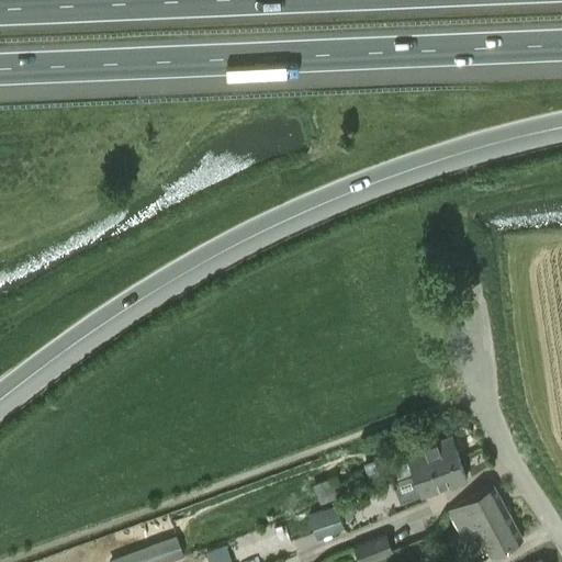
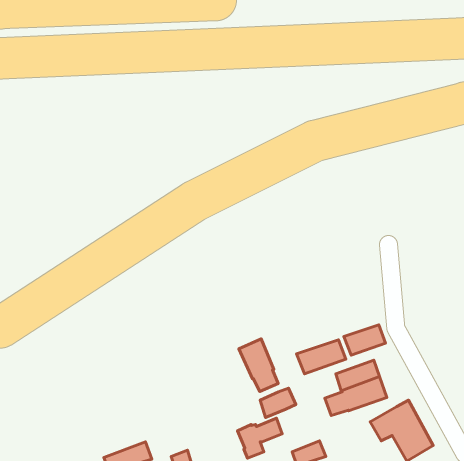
building: none -> [344,325,386,355]
building: none -> [239,339,278,392]
building: none -> [296,340,346,374]

